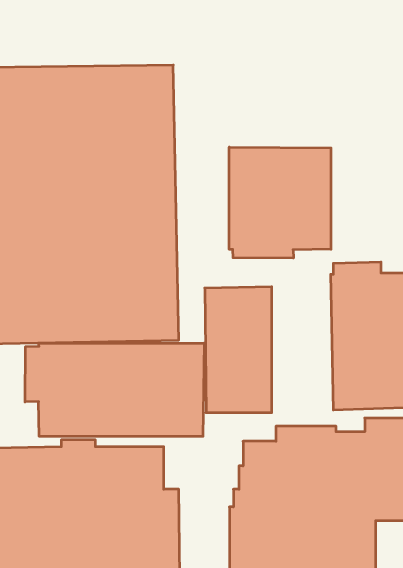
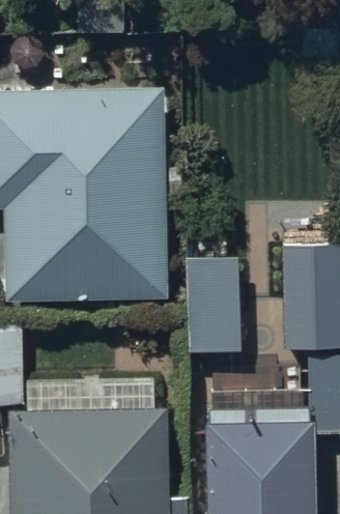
building: [229,147,331,258] -> none
building: [25,343,204,436] -> none

